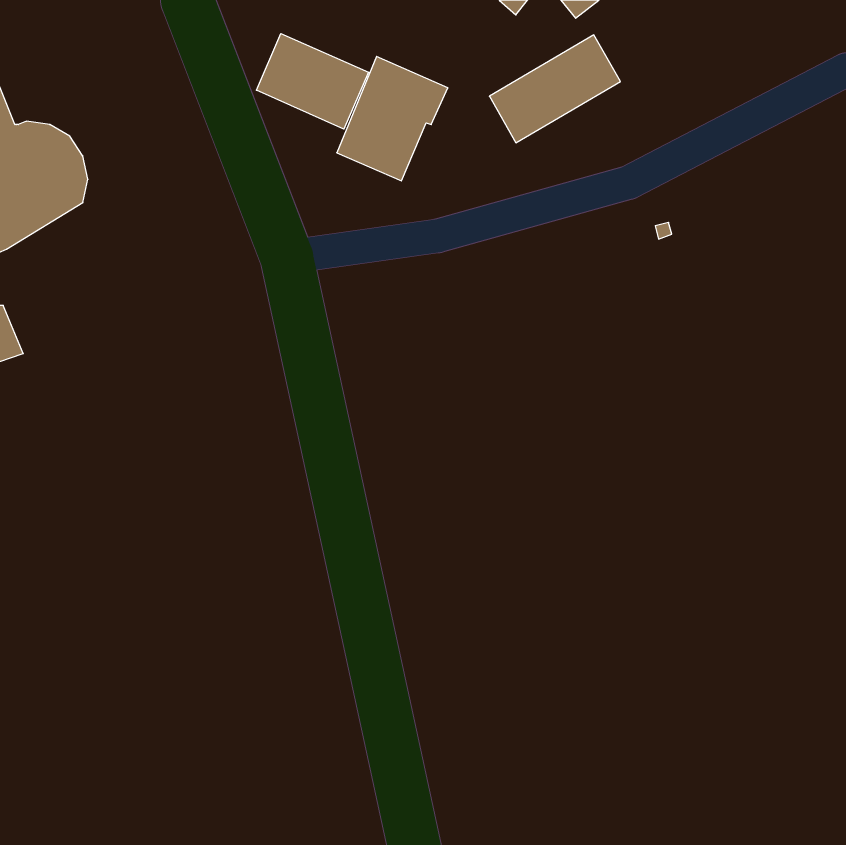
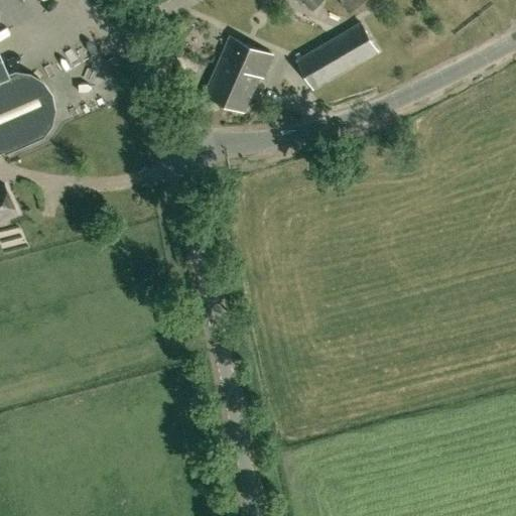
building: [256,34,368,129] -> none

